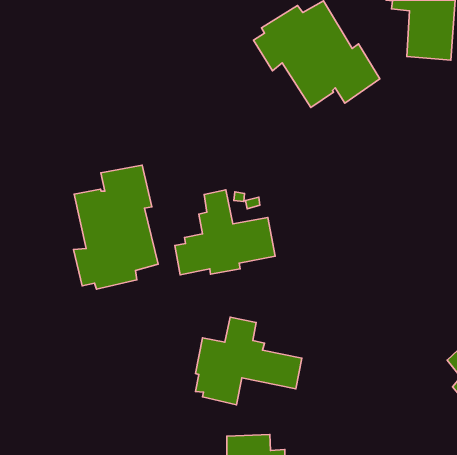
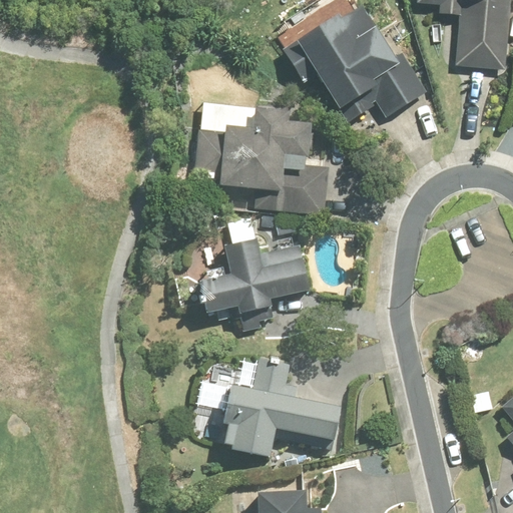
building: none -> [194,101,331,214]
building: [74,165,158,289] -> none

